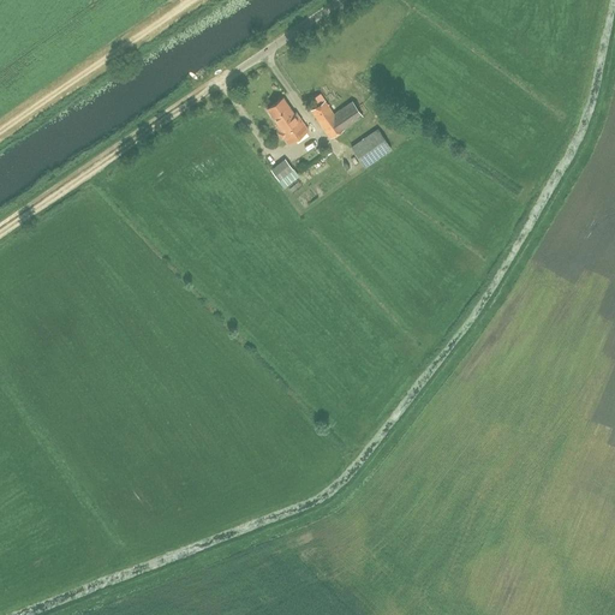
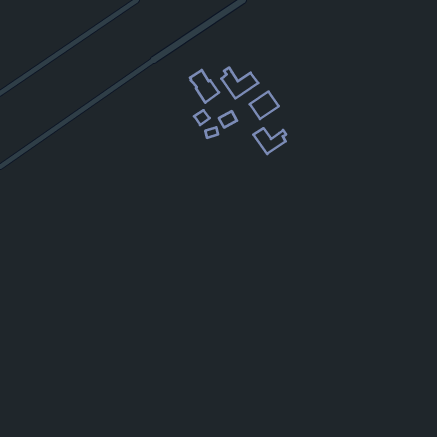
building: none -> [253,128,286,154]

